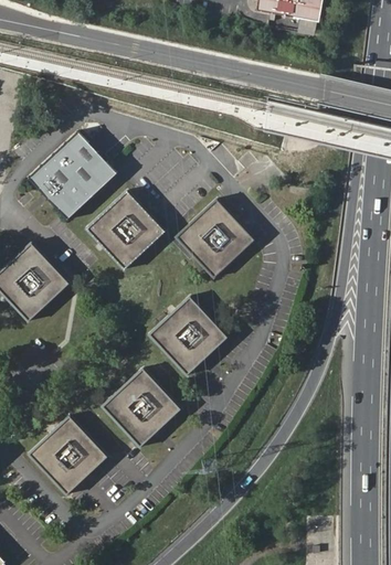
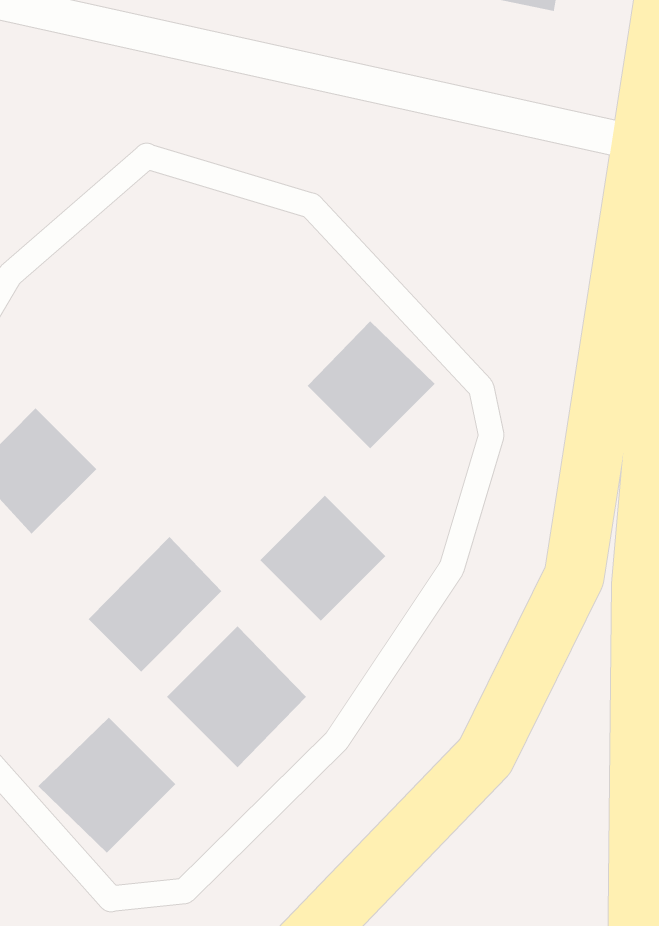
building: [32,136,112,215] -> none
building: [89,189,165,264] -> none
building: none -> [88,536,222,672]

